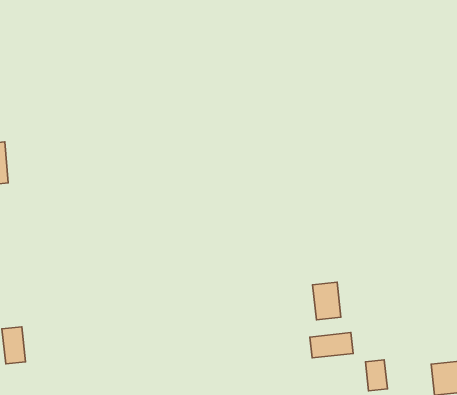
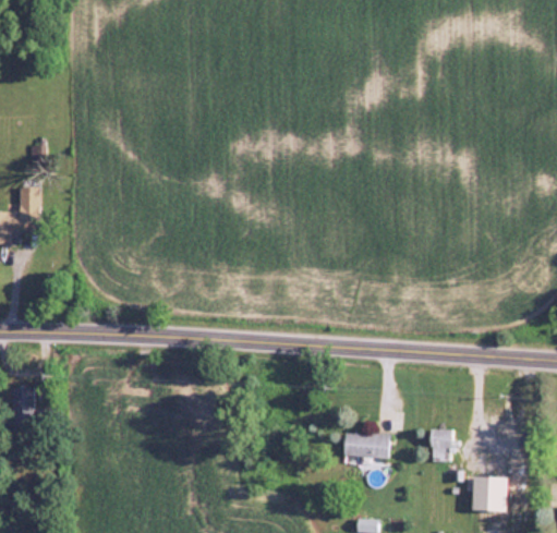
building: [313,282,341,320] -> none
building: [365,360,387,391] -> [432,431,452,462]

